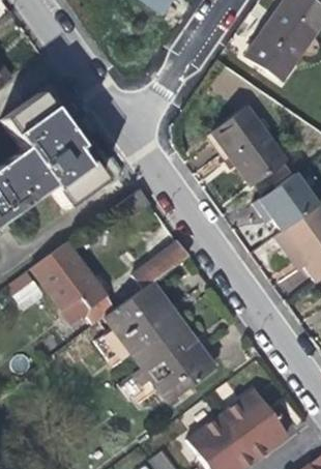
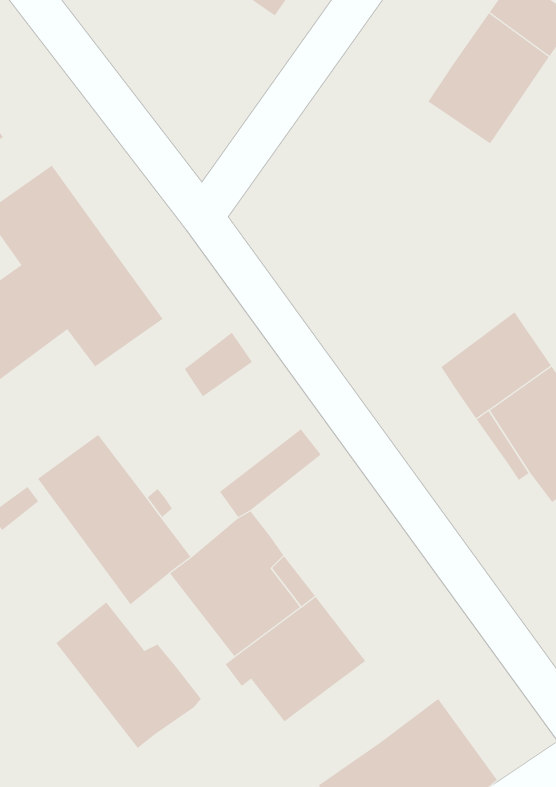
building: [214,108,286,185] -> none
building: none -> [56,601,201,749]

